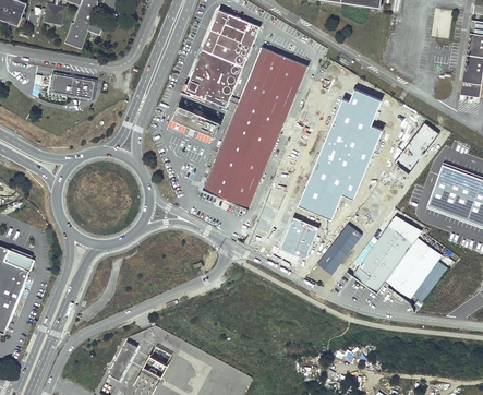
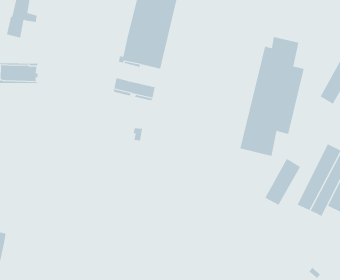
building: [203,47,307,207] -> none
building: [280,217,319,259] -> none

